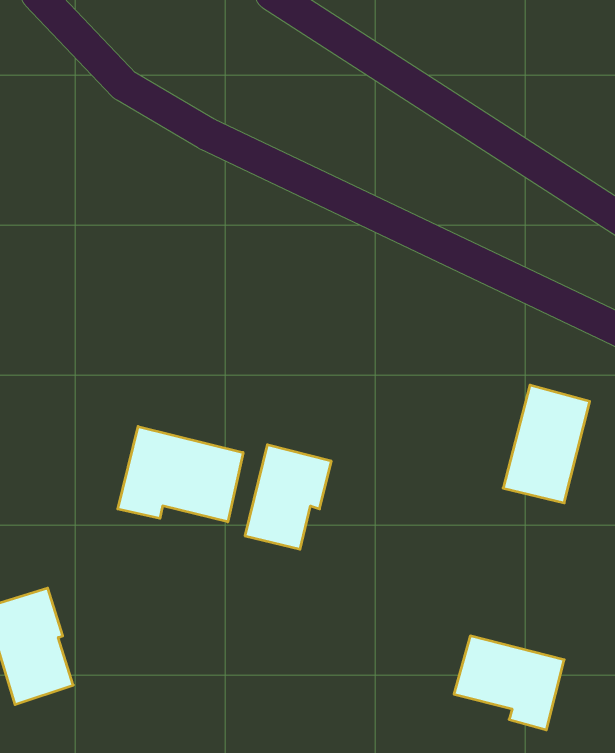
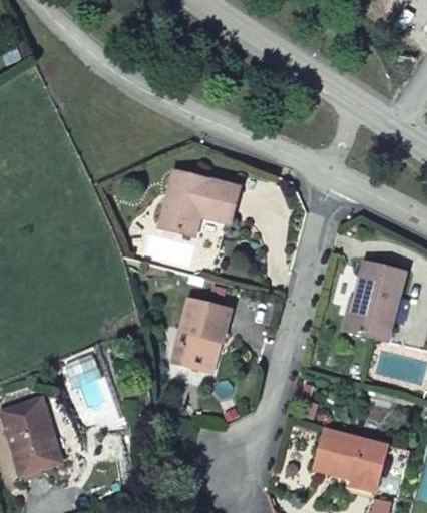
building: none -> [160,169,241,235]
building: [118,426,243,522] -> none

